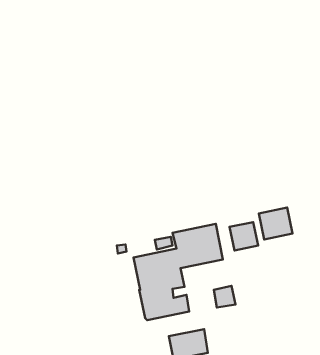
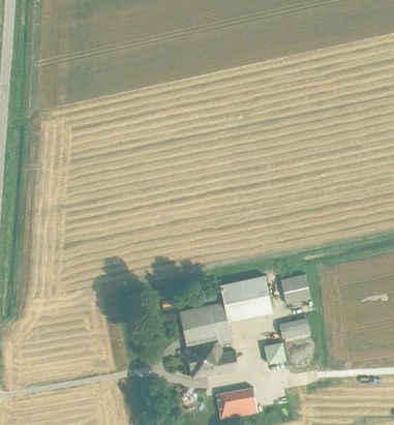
building: [259,208,293,240] -> none
building: none -> [278,317,309,338]

